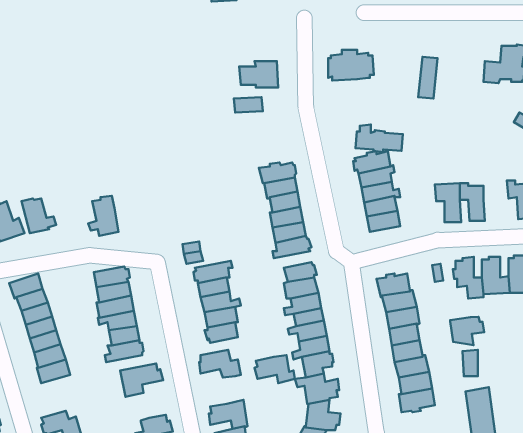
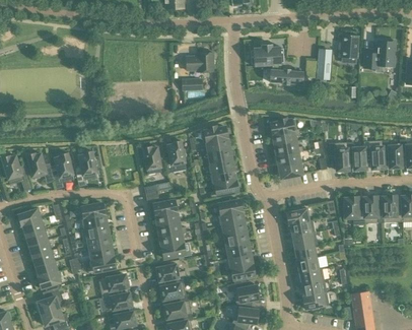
building: none -> [339,34,359,58]
building: [356,124,403,152] -> [269,64,303,84]
building: none -> [165,139,187,173]
building: none -> [364,139,384,169]
building: none -> [143,145,161,174]
building: none -> [52,151,74,182]
building: [450,317,484,345] -> none
building: [255,355,295,383] -> [159,282,189,303]
building: none -> [36,286,62,313]
building: none -> [107,292,133,317]

